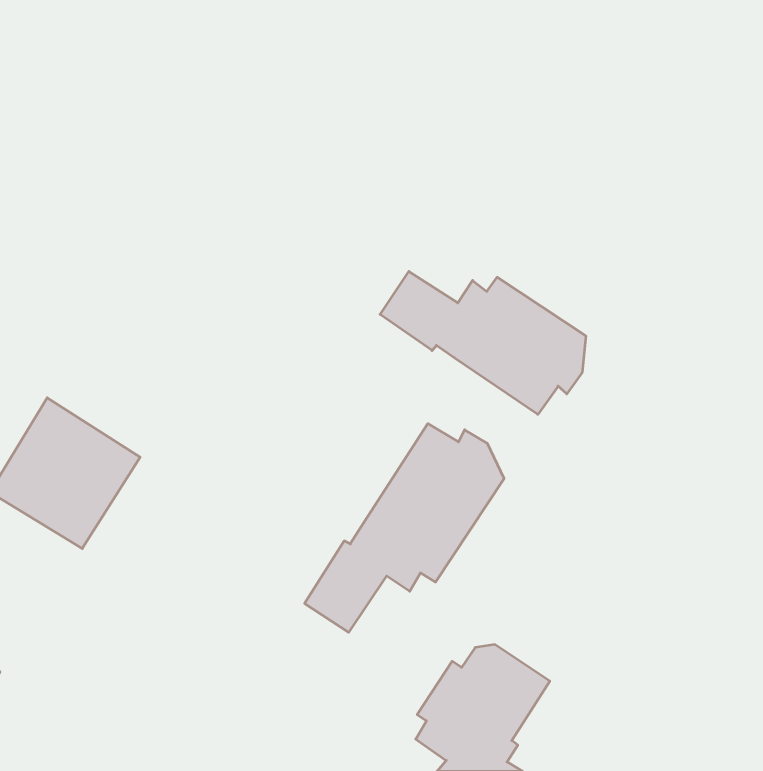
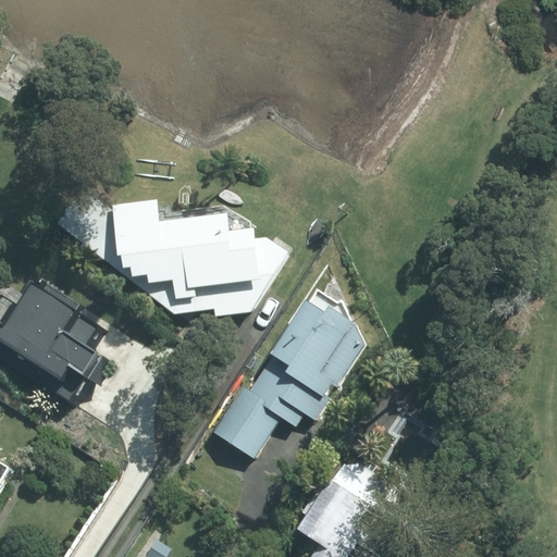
building: [380,271,586,414] -> none
building: none -> [115,200,260,307]

